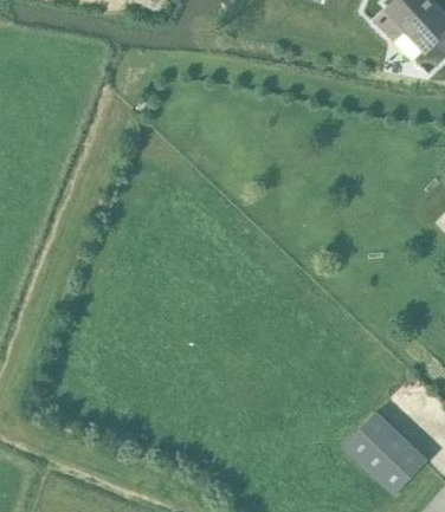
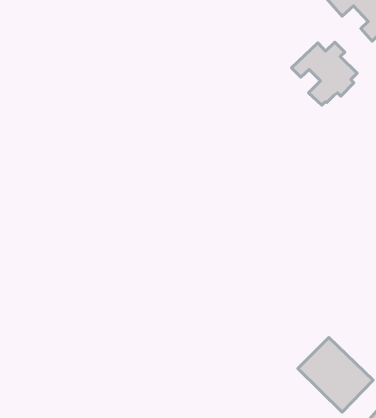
building: none -> [292,42,357,105]

